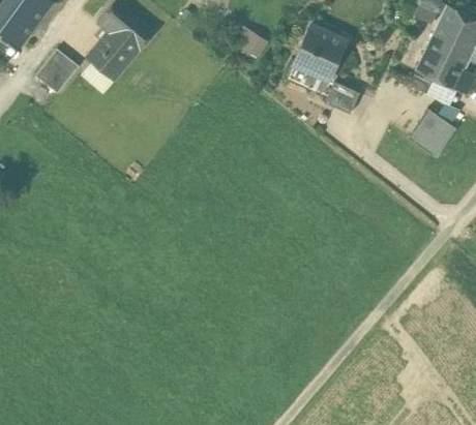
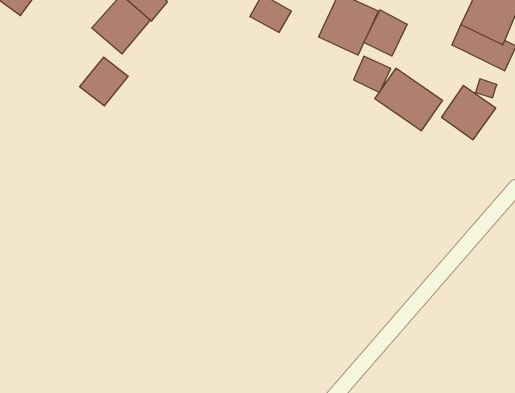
building: none -> [364,10,407,56]
building: [35,45,80,90] -> [80,57,128,106]
building: none -> [375,68,443,131]

